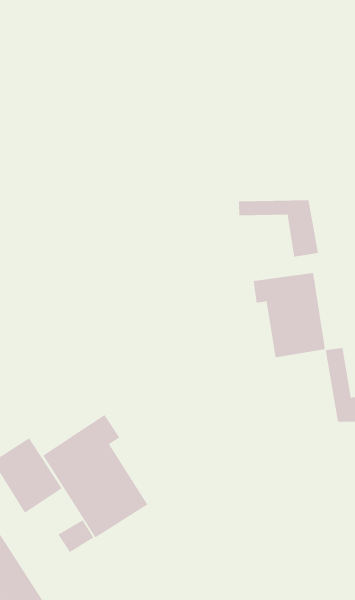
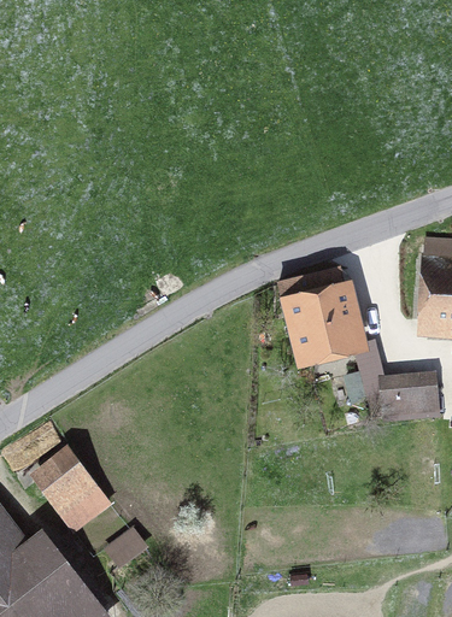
building: [238,199,319,258] -> none
building: [42,414,148,539] -> none

